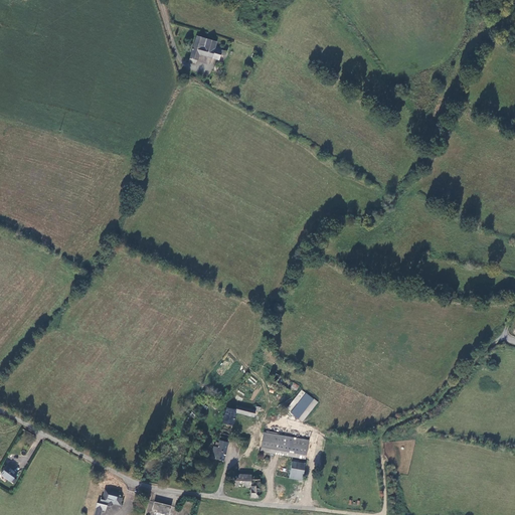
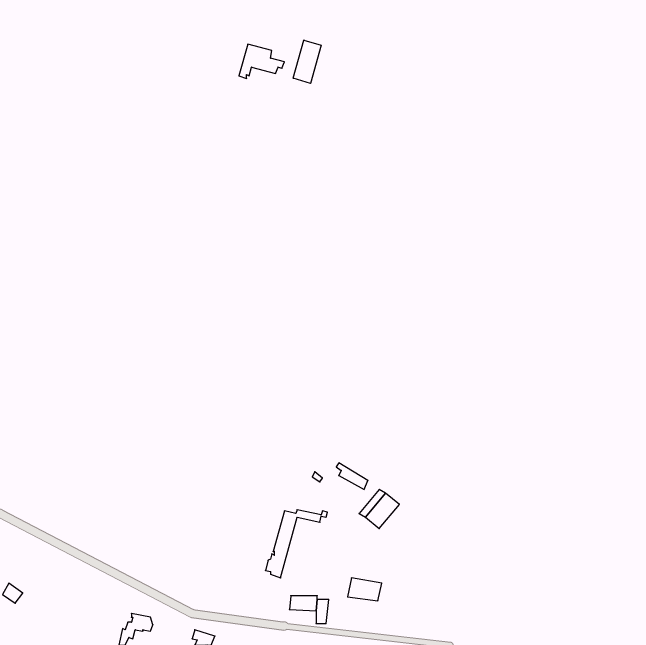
building: none -> [293,40,321,83]
building: [261,432,308,459] -> none

